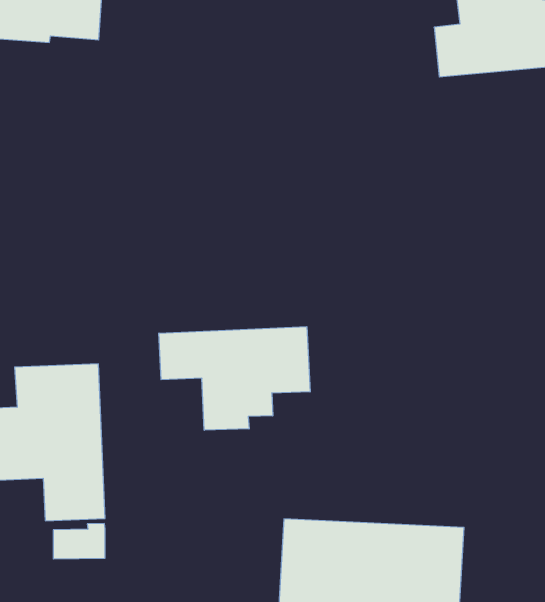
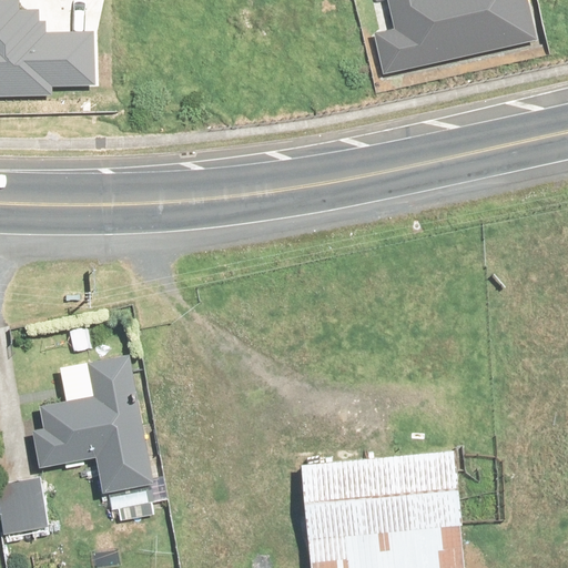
building: [159,327,310,430] -> none

